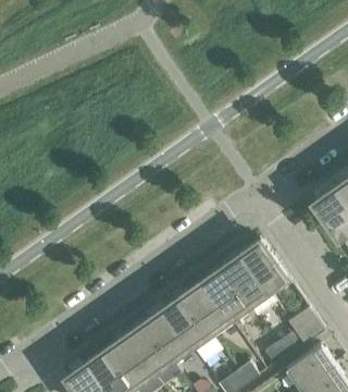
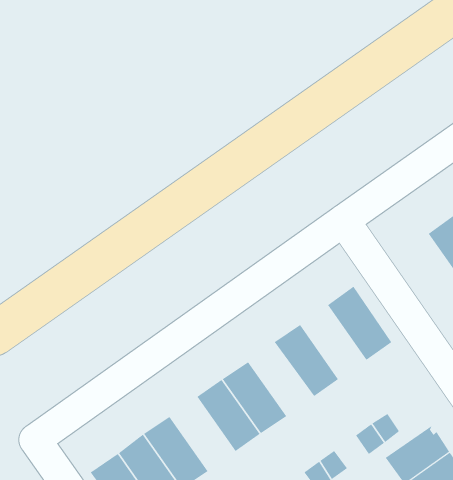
building: [222,255,275,316] -> none
building: [184,282,232,336] -> none
building: [286,306,323,343] -> none
building: [126,322,174,377] -> none

